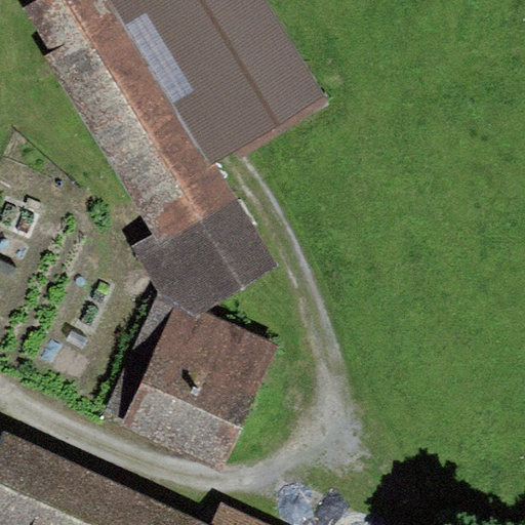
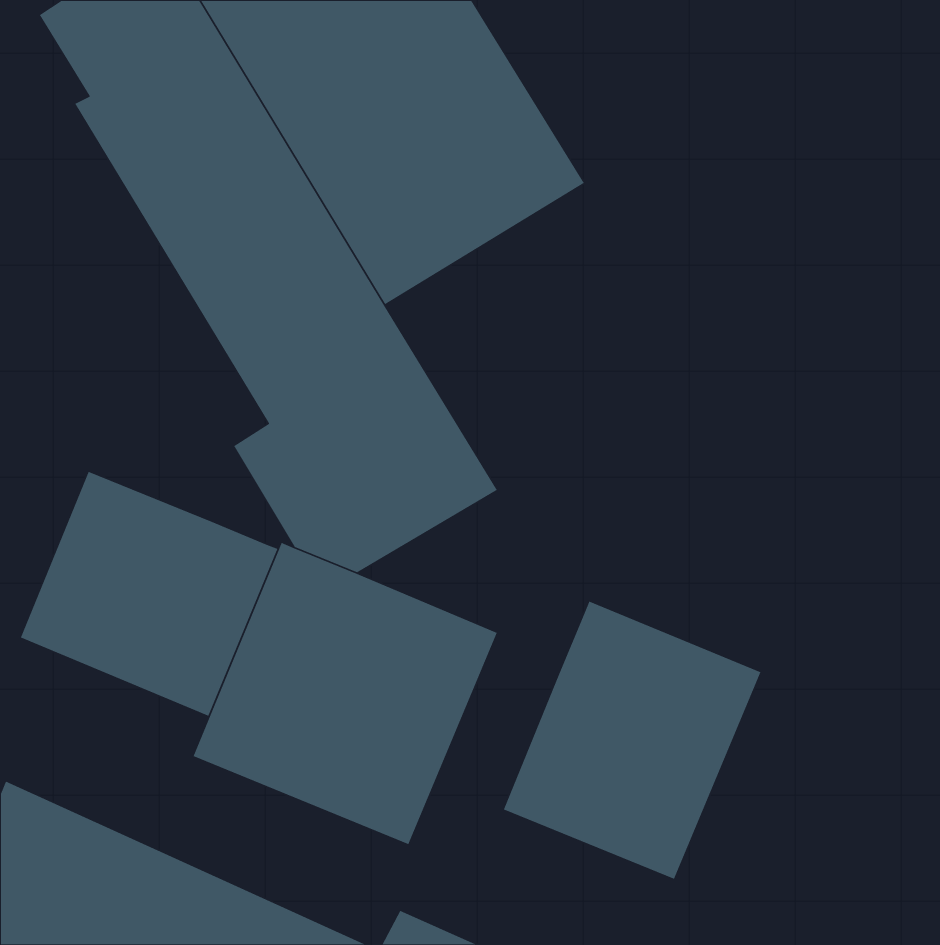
building: none -> [20,471,278,717]
building: none -> [503,600,761,880]

